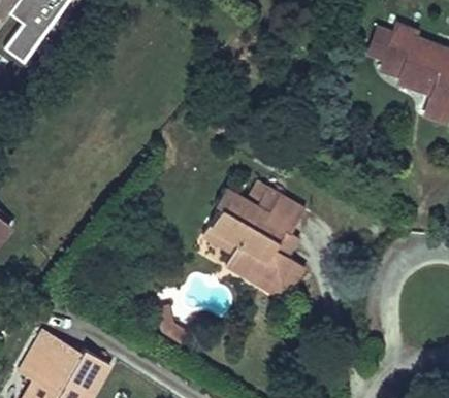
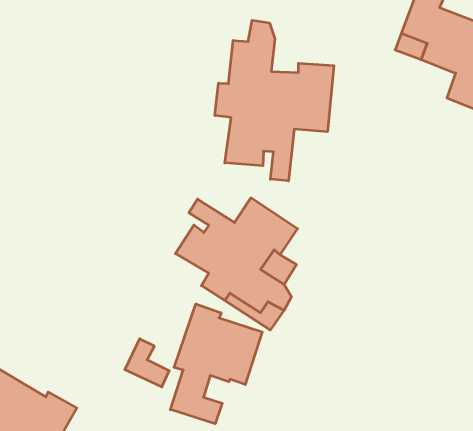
building: none -> [215,20,334,181]
building: none -> [170,304,262,424]

